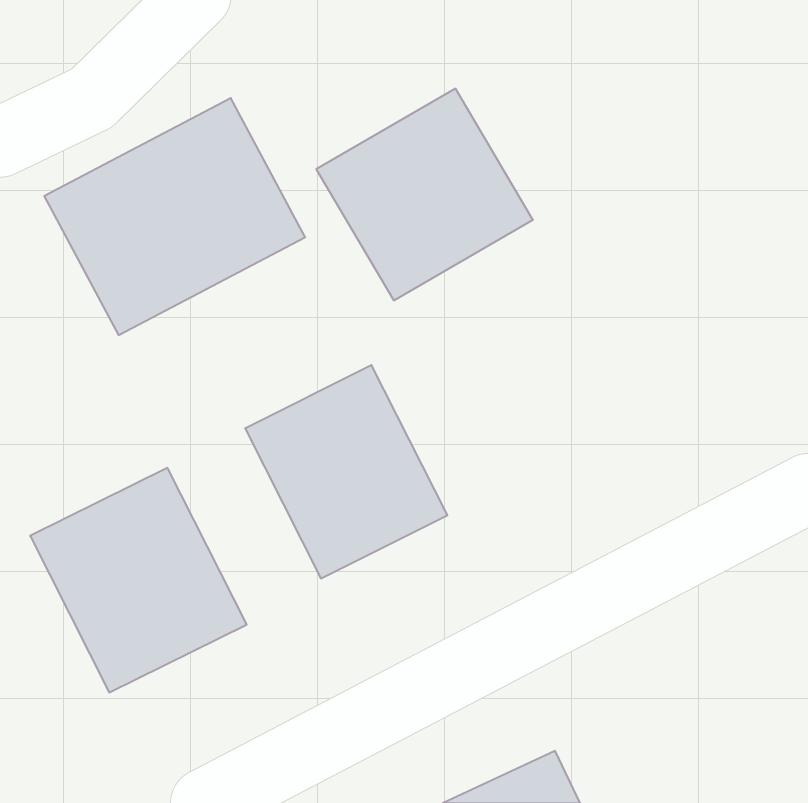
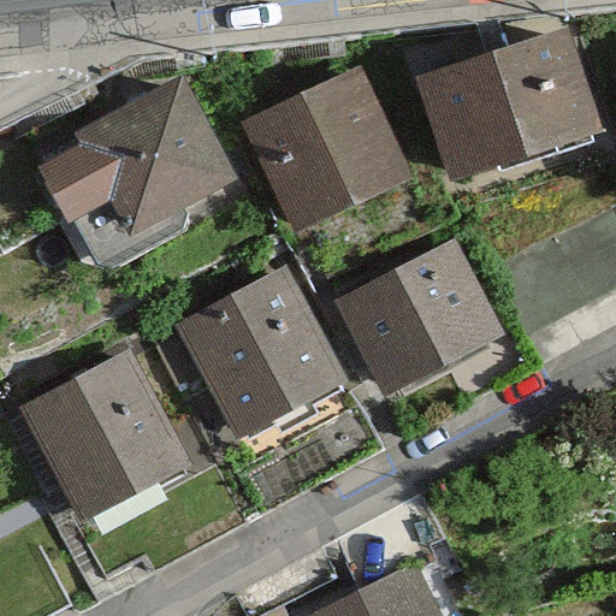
building: none -> [419,23,594,176]
building: none -> [346,243,499,392]

